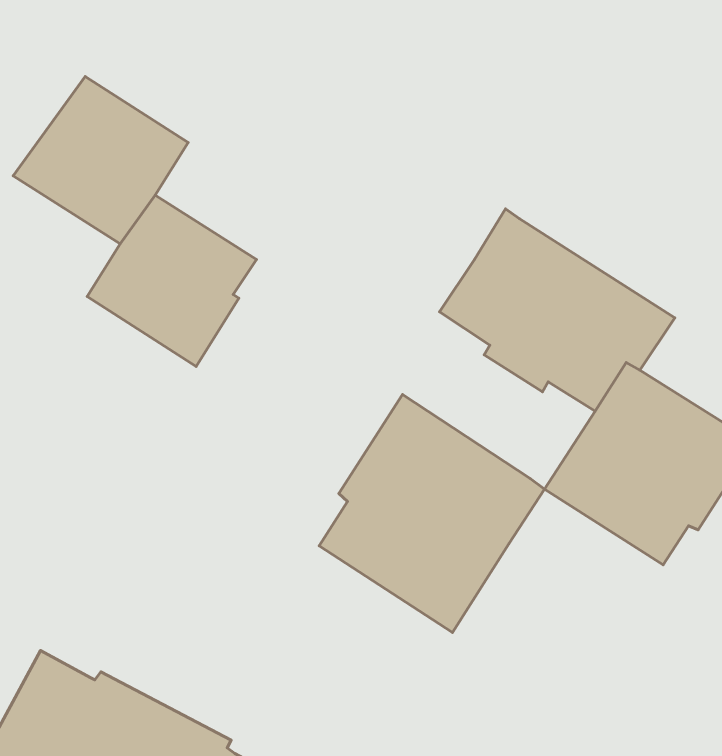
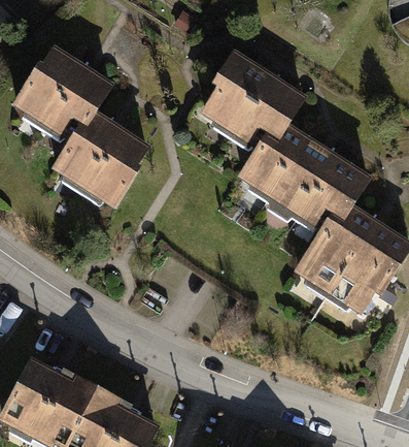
building: none -> [204,57,302,150]
building: [319,394,544,632] -> none

